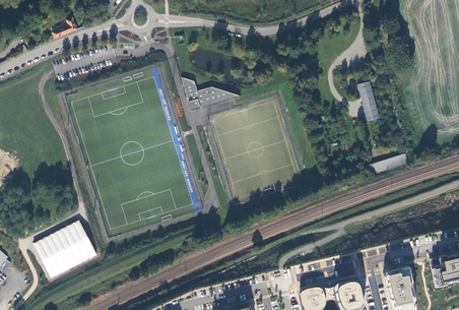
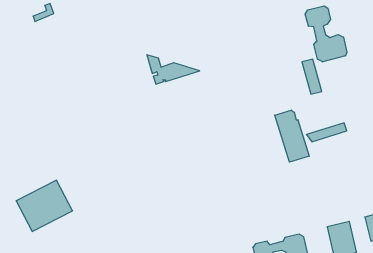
building: none -> [305,6,347,62]
building: none -> [275,110,309,162]

